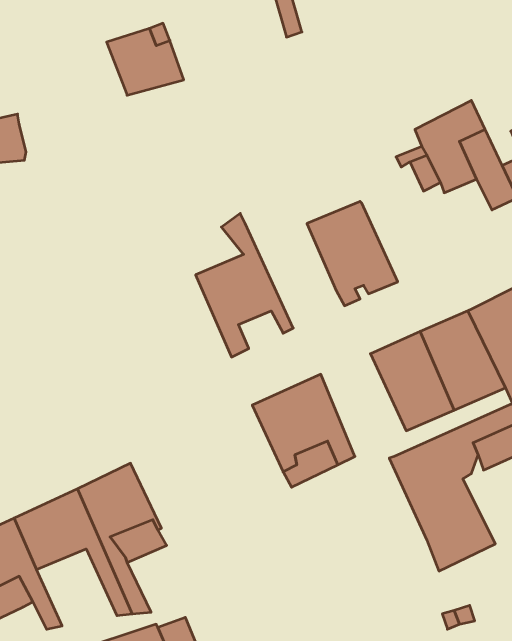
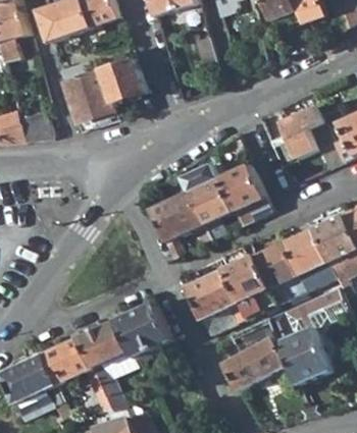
building: none -> [61,69,116,131]
building: none -> [181,164,235,239]
building: none -> [225,255,276,316]
building: none -> [112,301,171,359]
building: none -> [222,317,289,390]

